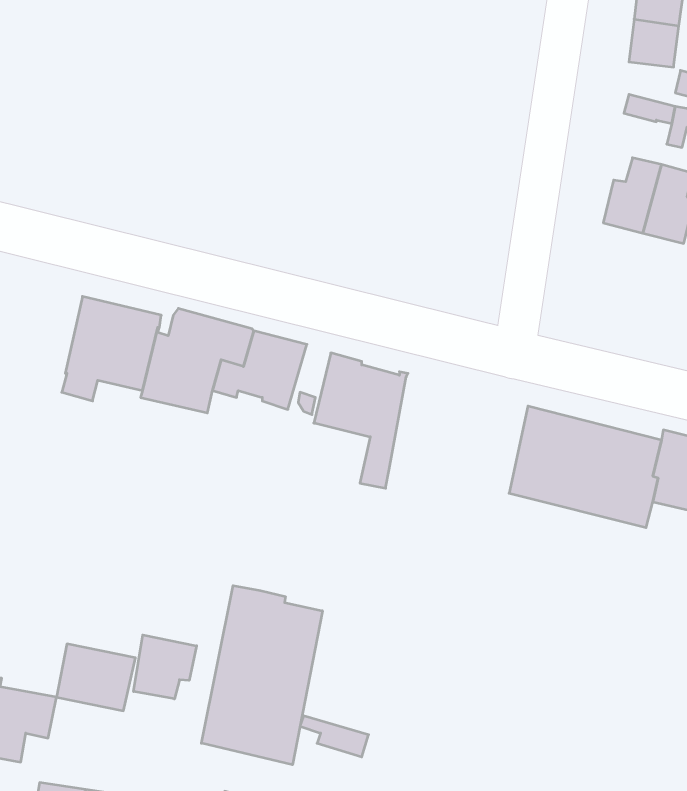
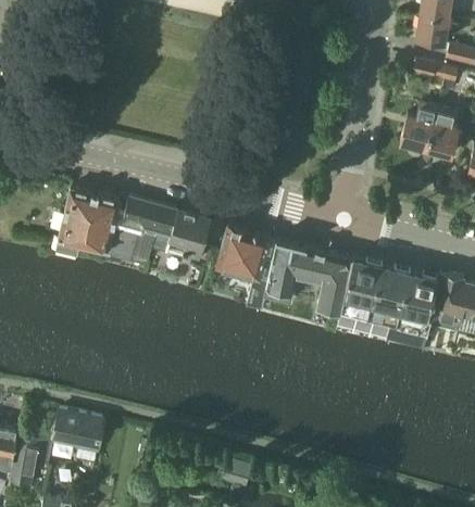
building: none -> [265,241,353,315]
building: [201,586,322,765] -> none
building: [134,635,197,699] -> none

